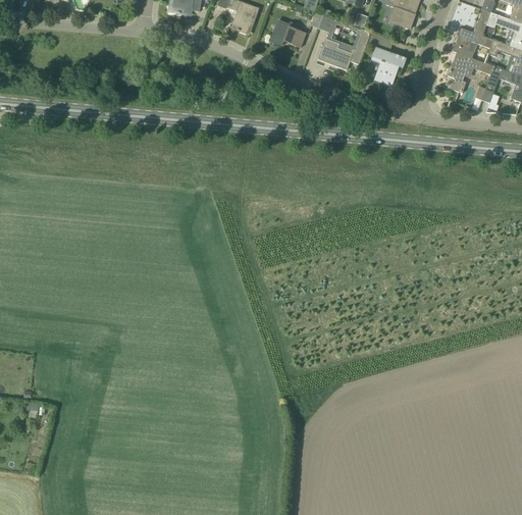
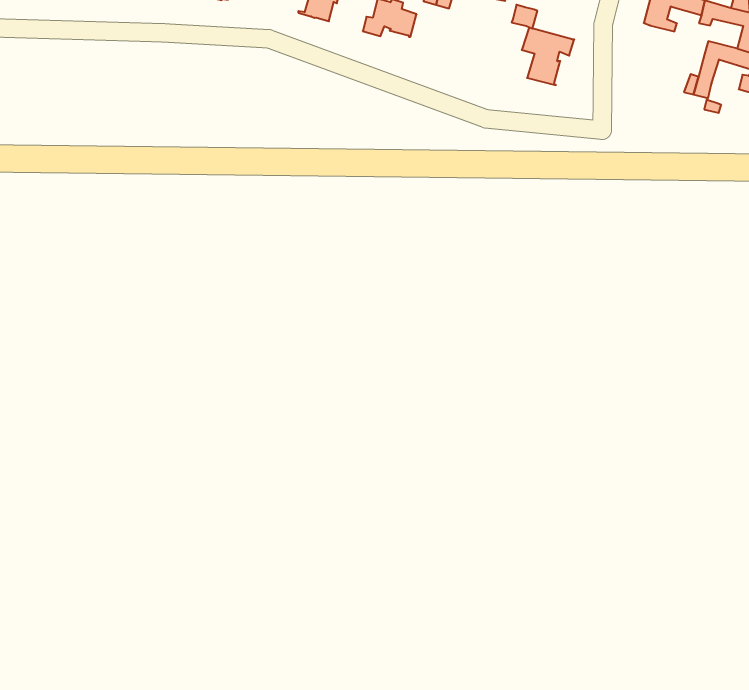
building: [318,30,352,69] -> none
building: [448,52,492,92] -> none

